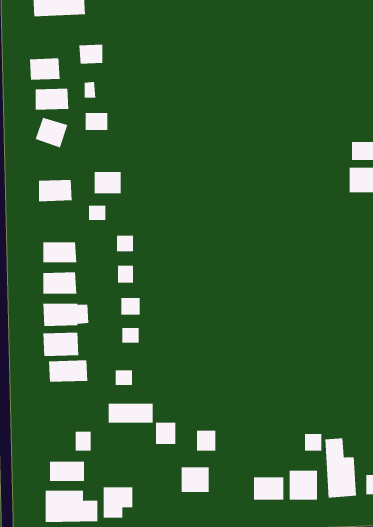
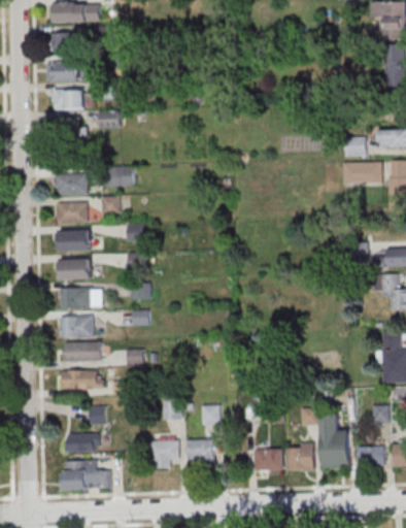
building: [79,44,103,64] -> [50,32,73,51]
building: none -> [55,201,87,222]
building: [108,403,153,423] -> [61,370,103,389]
building: [103,487,133,518] -> [151,440,179,469]

